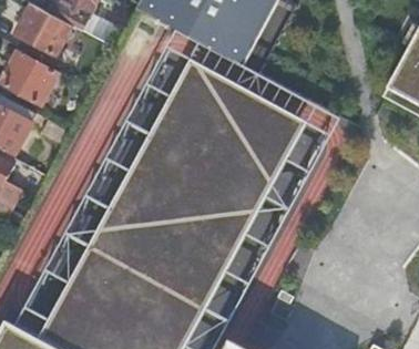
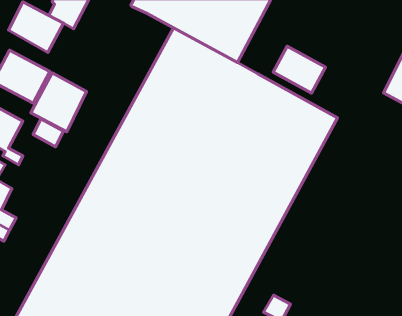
building: none -> [273,46,326,93]
building: none -> [31,73,87,132]

